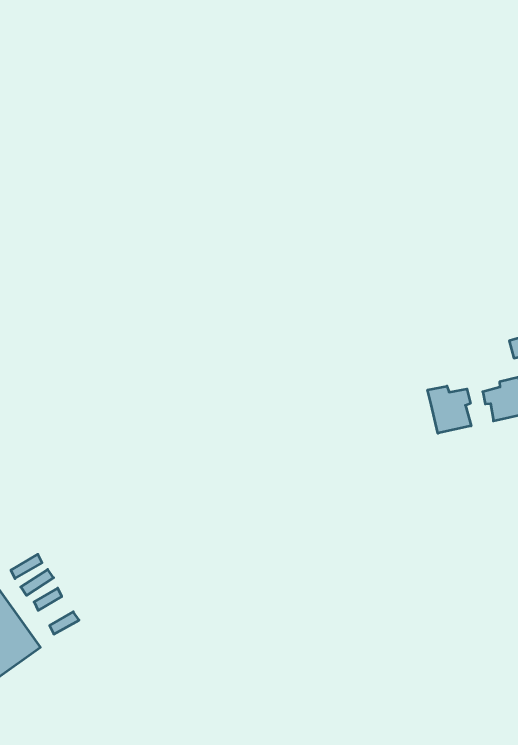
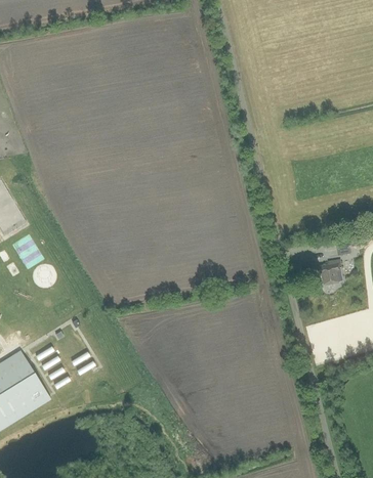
building: [428,386,471,433] -> none

